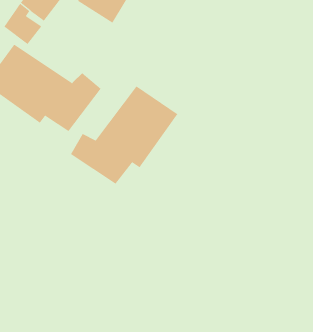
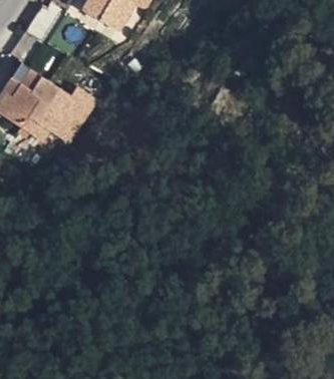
building: [70,86,178,185] -> none

